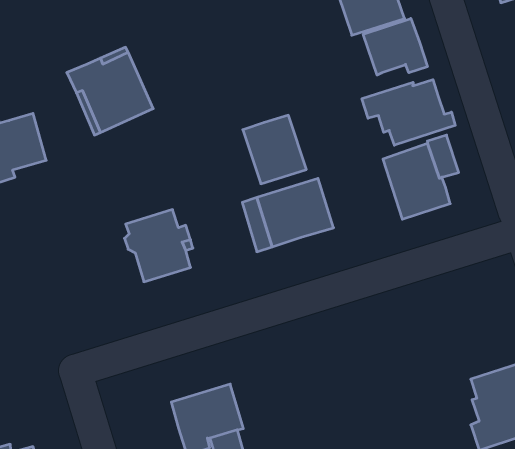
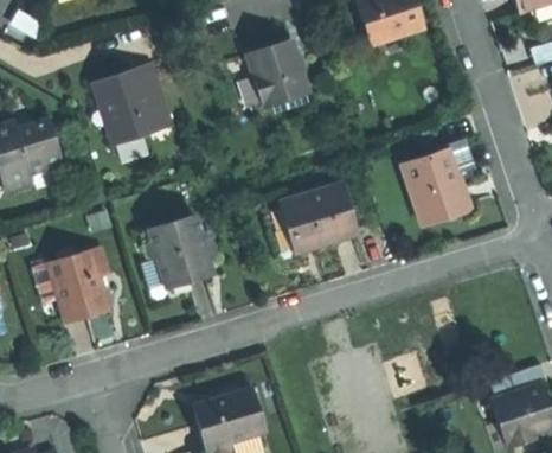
building: [363,18,427,75] -> none
building: [362,80,455,145] -> none
building: [243,115,306,184] -> [248,38,310,106]
building: none -> [49,247,109,323]

